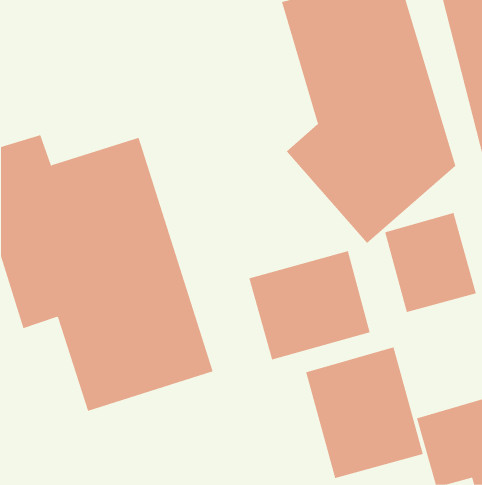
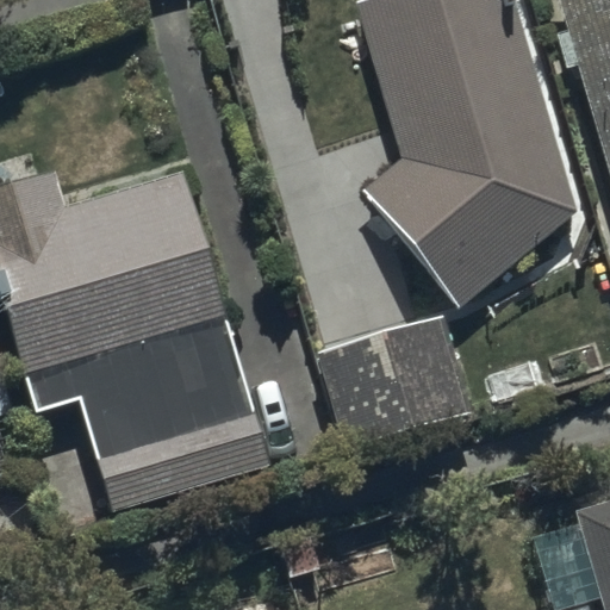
building: [384,212,476,313] -> none
building: [305,347,424,479] -> none

